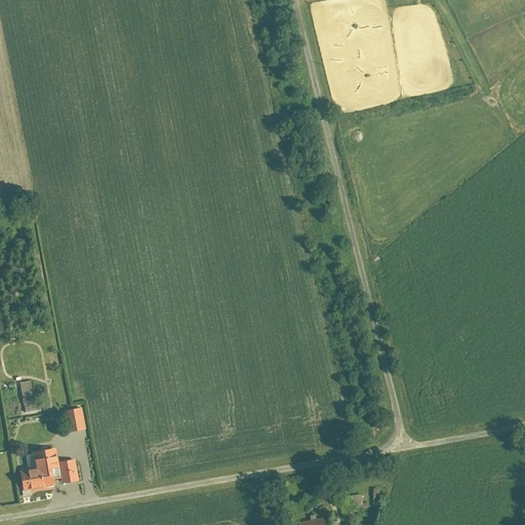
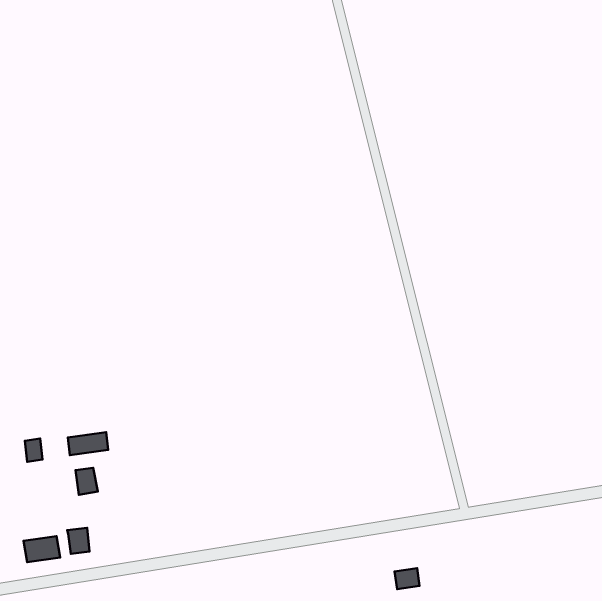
building: none -> [68,432,108,455]
building: [33,449,59,470] -> none

